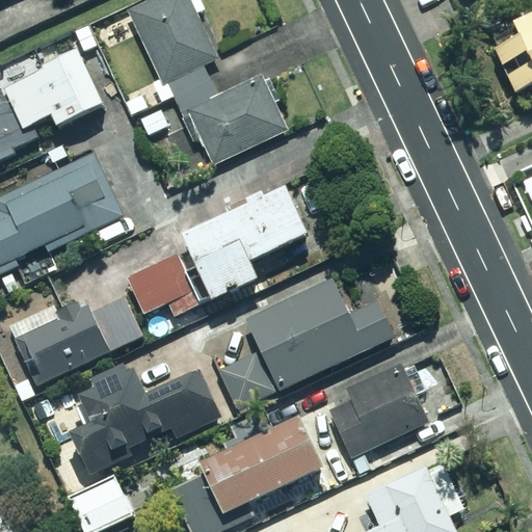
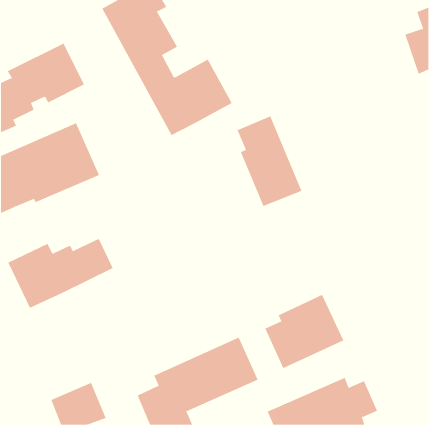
building: none -> [237,115,302,207]
building: [125,188,304,318] -> none
building: [203,259,392,408] -> none
building: [62,365,222,476] -> none

